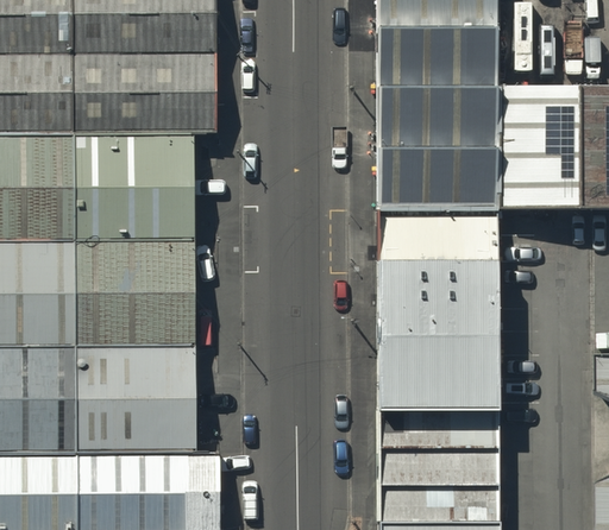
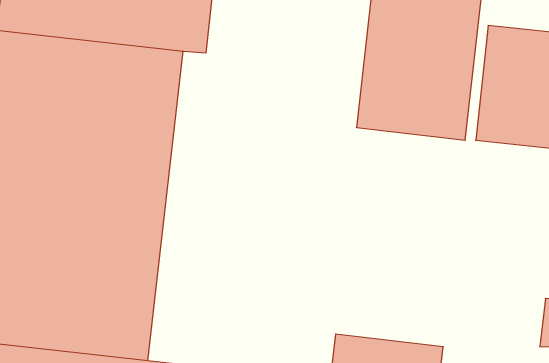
building: [382,209,492,257] -> none
building: [383,261,491,410] -> none

